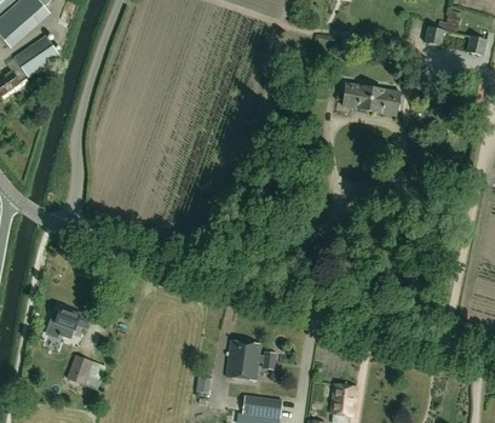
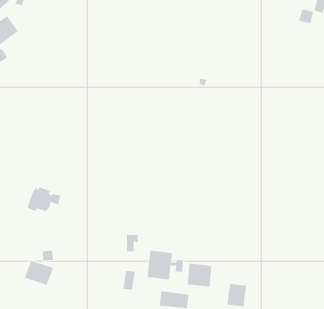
building: [343,84,399,116] -> none
building: [45,304,90,337] -> [27,187,61,212]
building: none -> [187,263,212,287]

